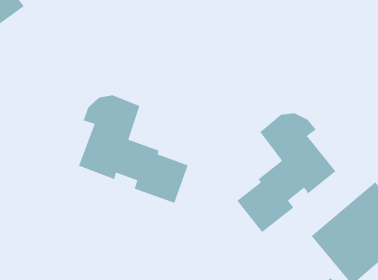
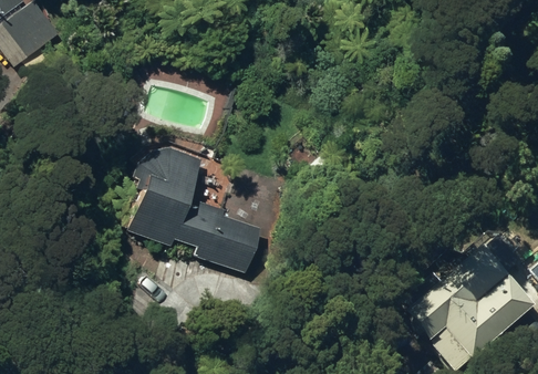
building: [237,113,336,233] -> none

